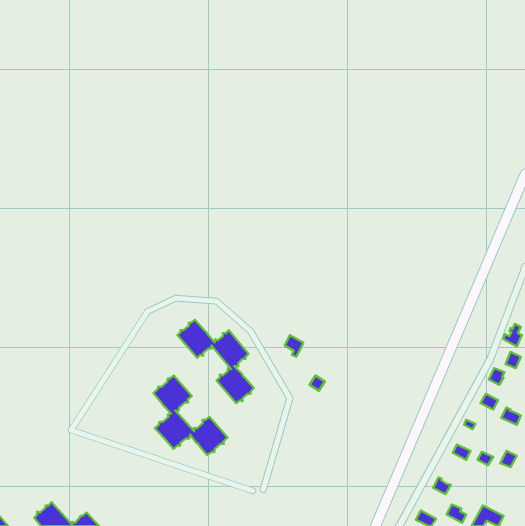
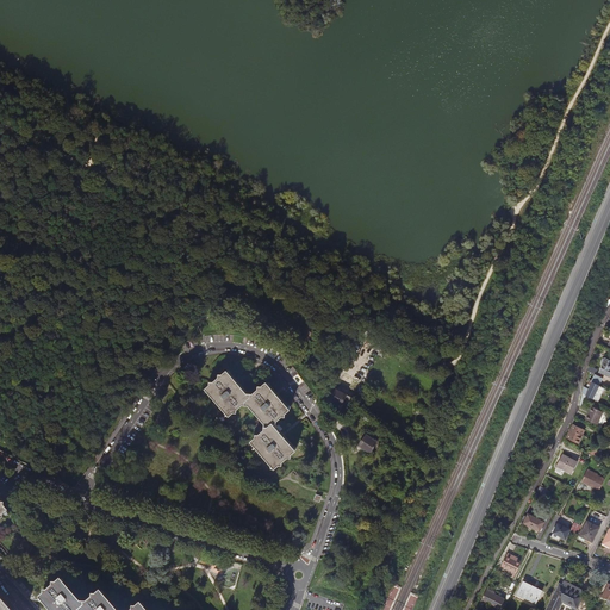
building: [153,376,227,455] -> none

